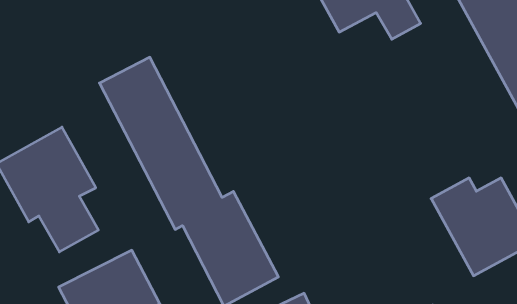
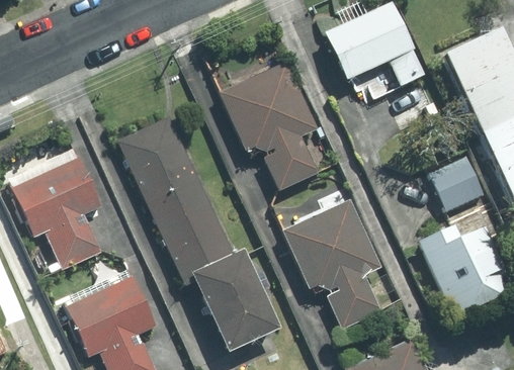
building: none -> [219,65,322,184]
building: none -> [430,159,484,211]
building: none -> [282,200,381,328]

